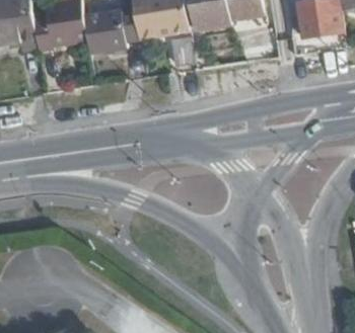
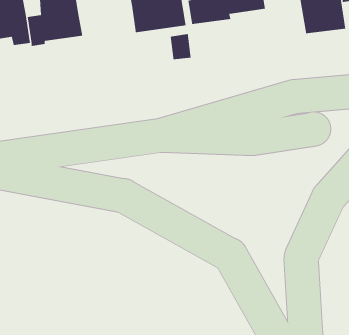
building: [84,11,140,56] -> none

